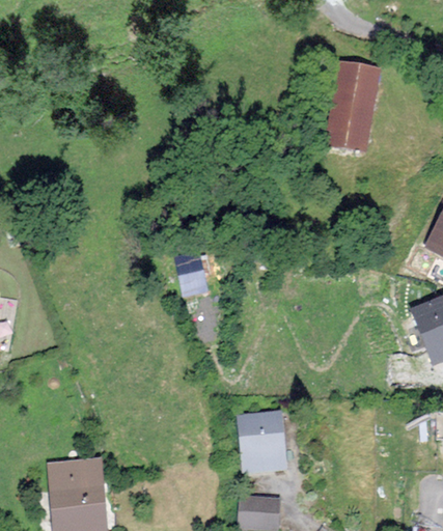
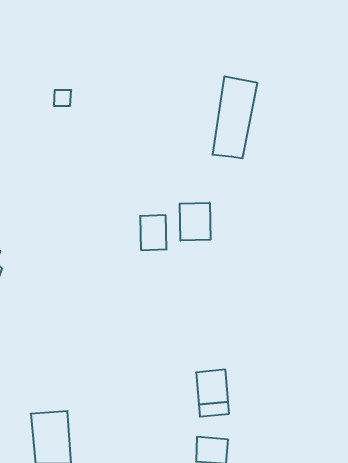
building: [328,60,379,152] -> [212,76,257,158]
building: none -> [180,203,210,241]

